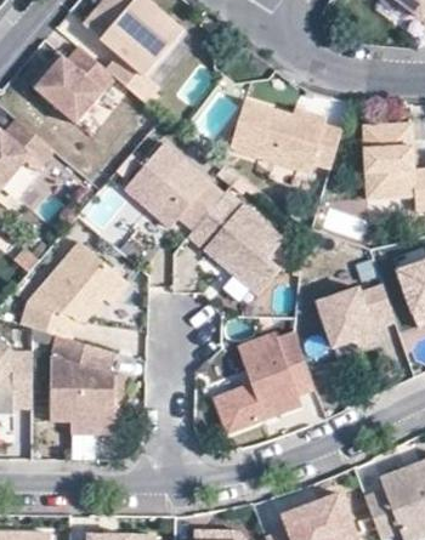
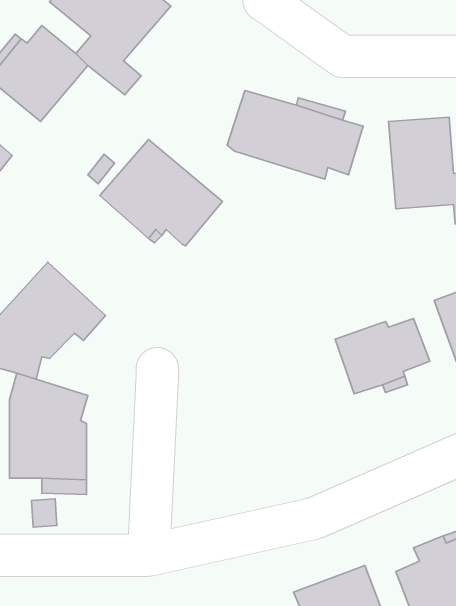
building: [188,187,283,291] -> none
building: [214,332,314,433] -> none

